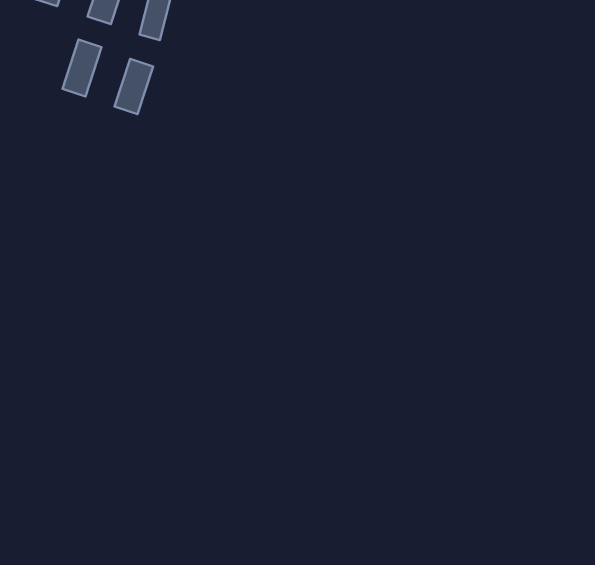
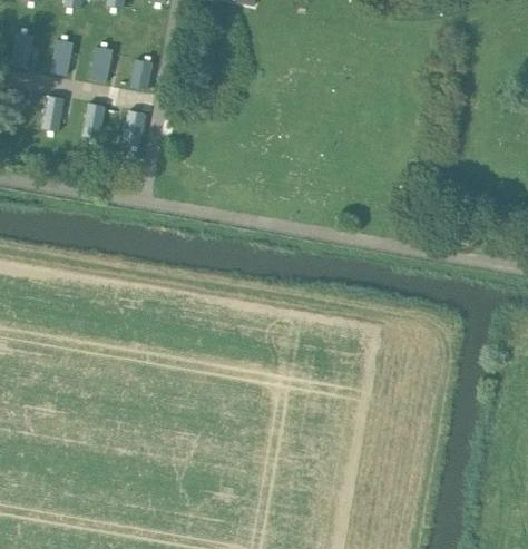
building: none -> [39,91,65,131]

